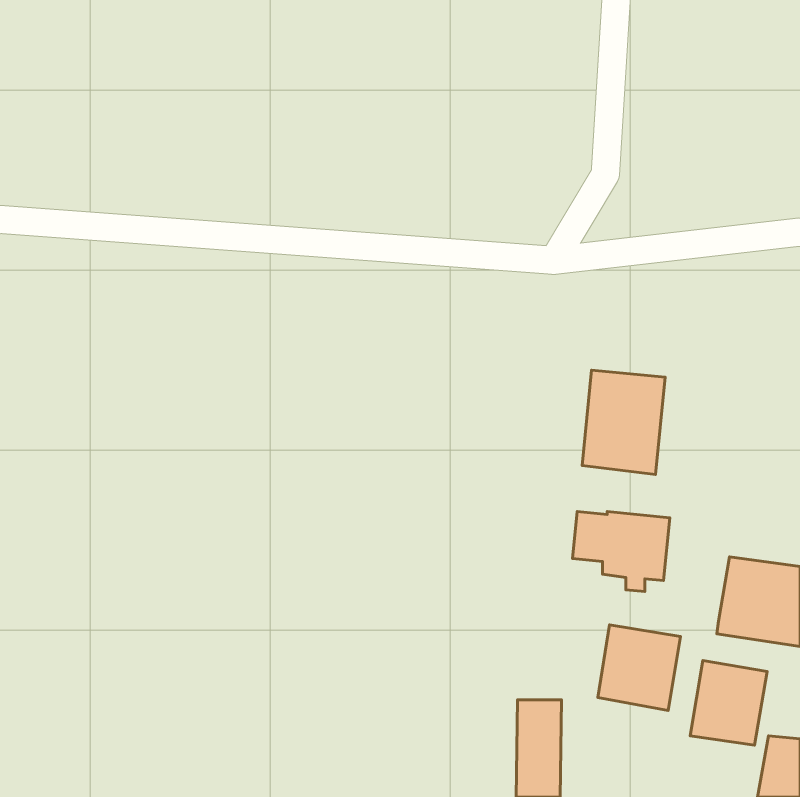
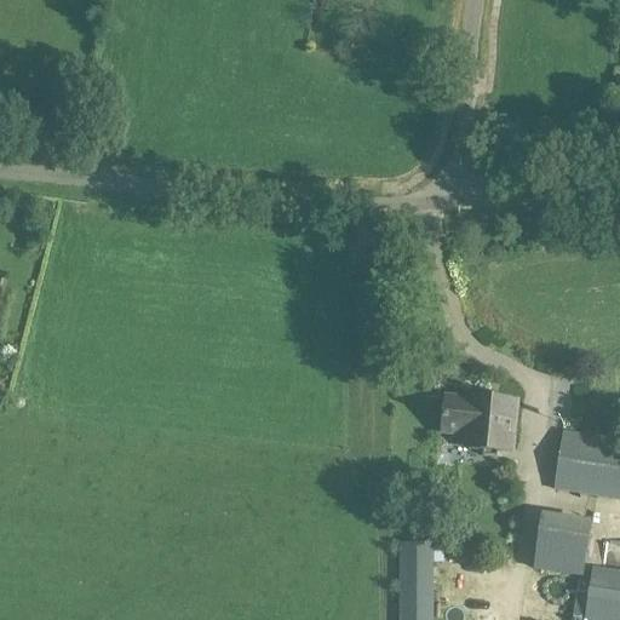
building: [582,370,665,475] -> none
building: [598,625,681,711] -> none

